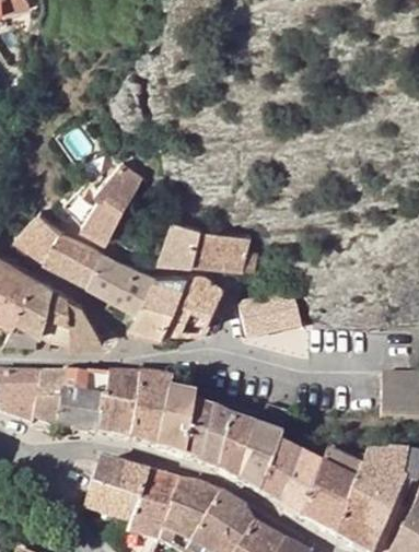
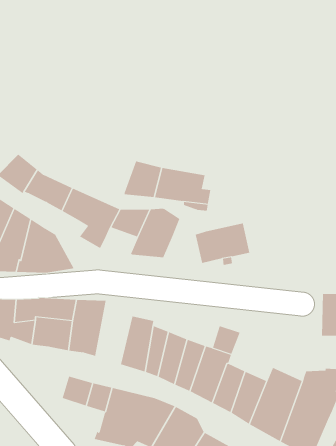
building: [83,160,144,235] -> none
building: [131,294,175,332] -> none
building: [128,374,171,448] -> none
building: [83,486,138,532] -> none

